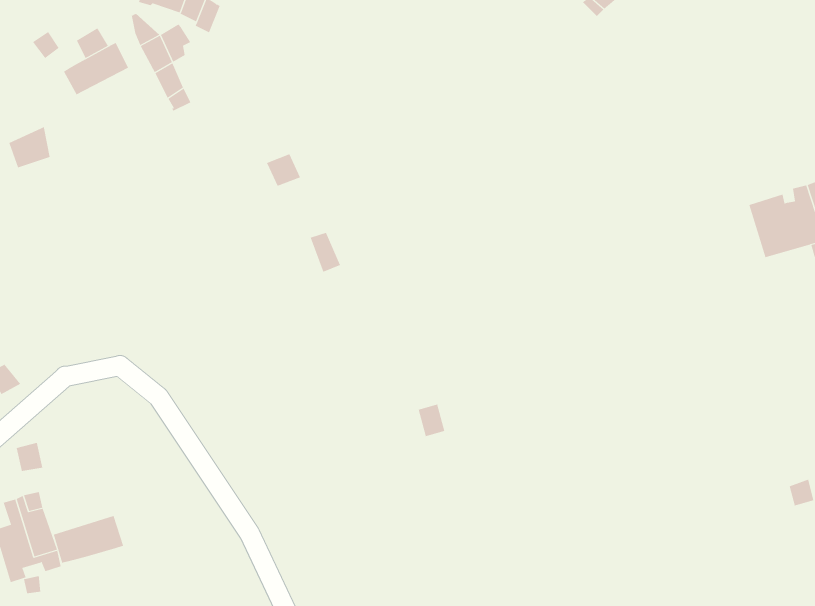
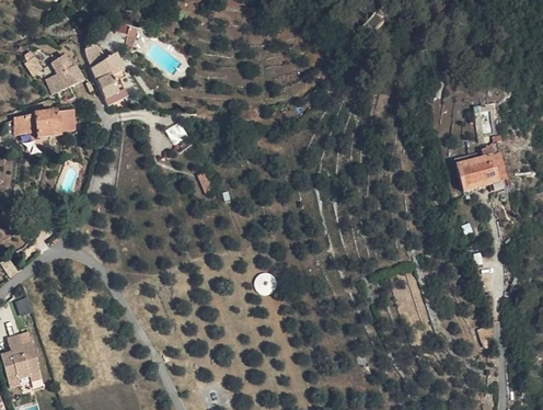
building: none -> [33,110,74,135]
building: [53,515,124,563] -> none

